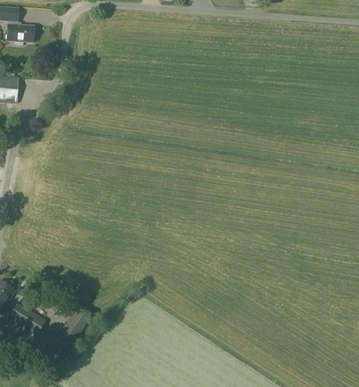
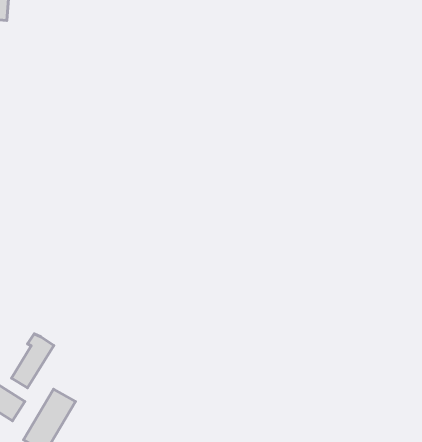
building: none -> [11,334,54,388]

